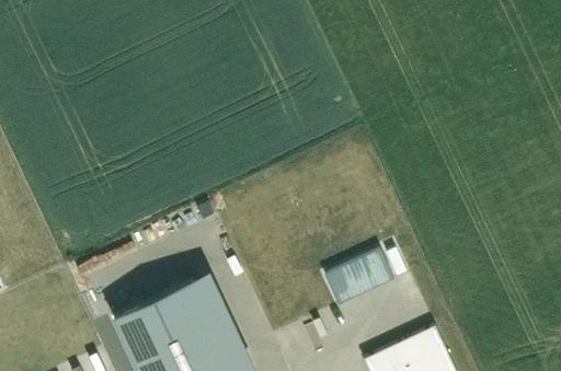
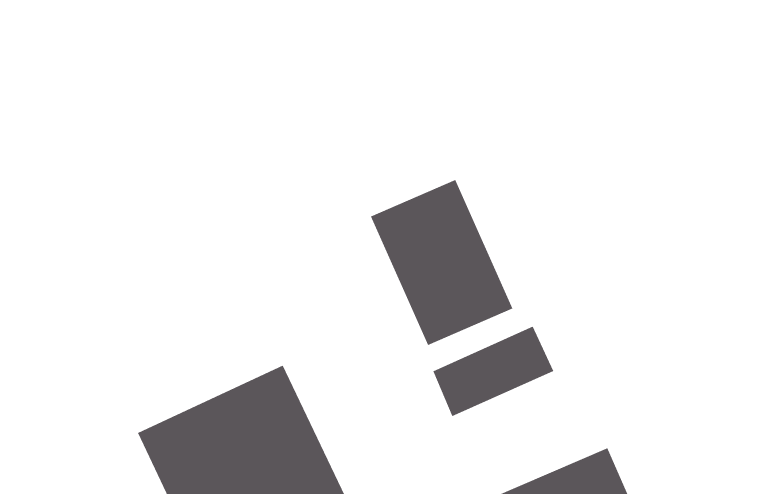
building: none -> [370,179,513,346]

